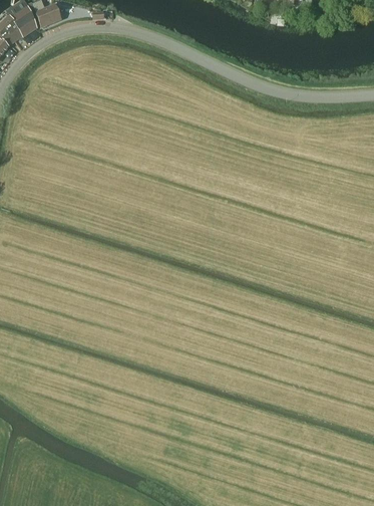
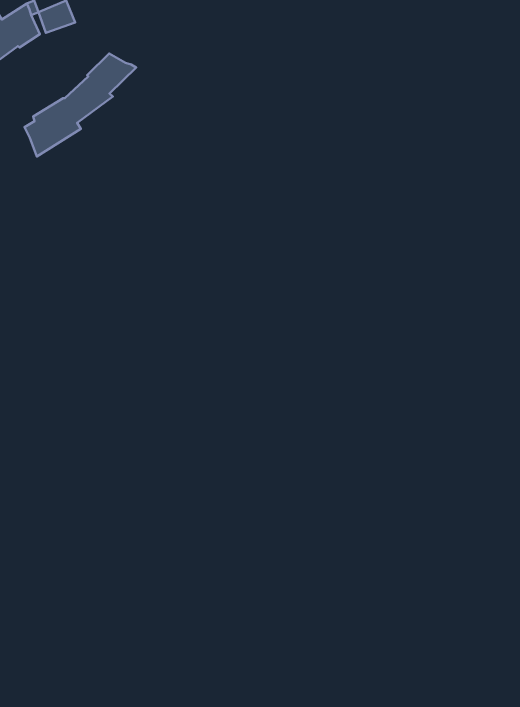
building: none -> [25,54,136,156]

